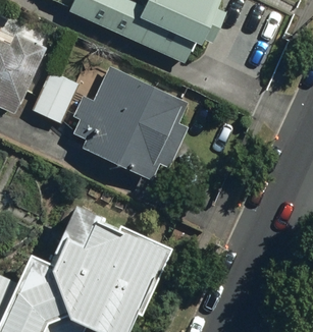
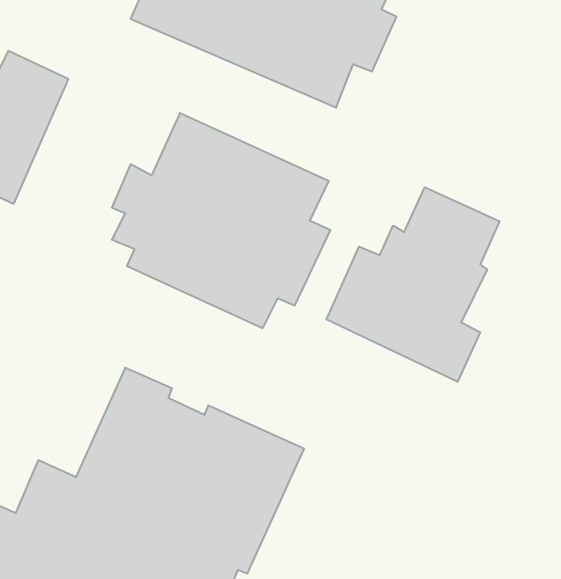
building: [28,71,76,124] -> none
building: none -> [327,187,499,382]

